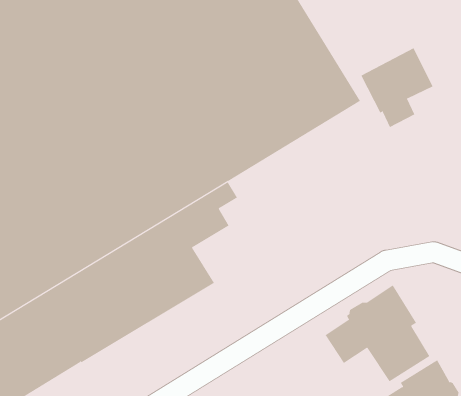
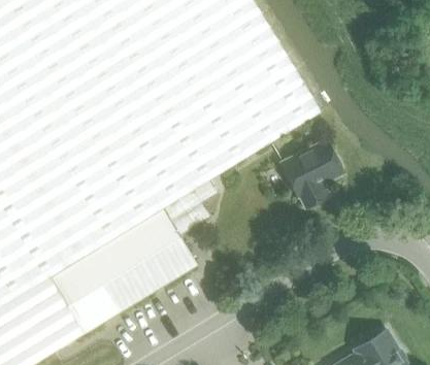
building: [360,47,433,128] -> [280,140,342,208]
building: [325,285,430,382] -> none

